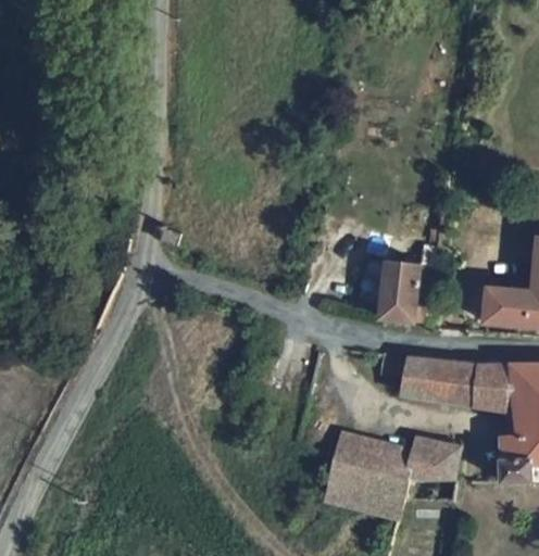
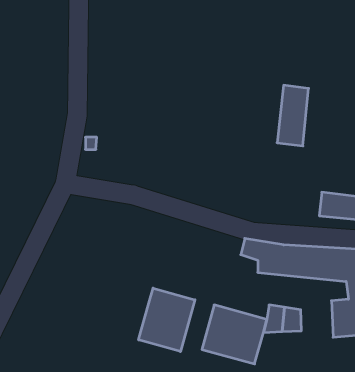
building: [378,243,421,325] -> [277,85,309,146]
building: none -> [139,288,195,352]

